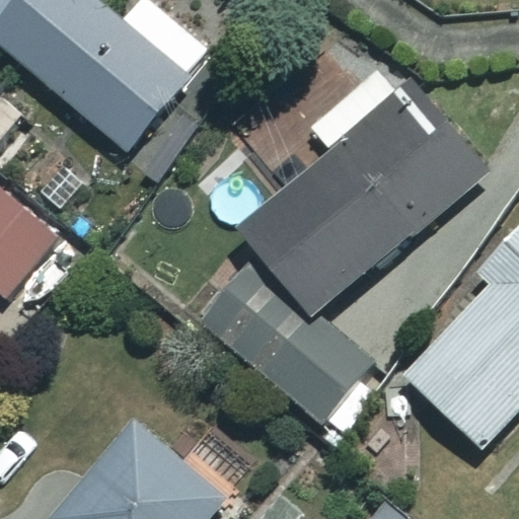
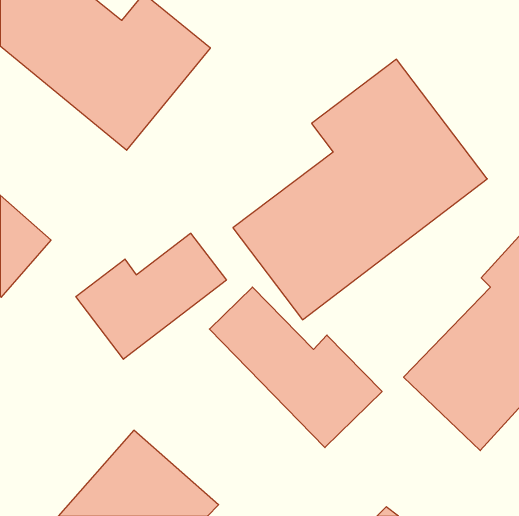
building: none -> [76,233,226,359]

